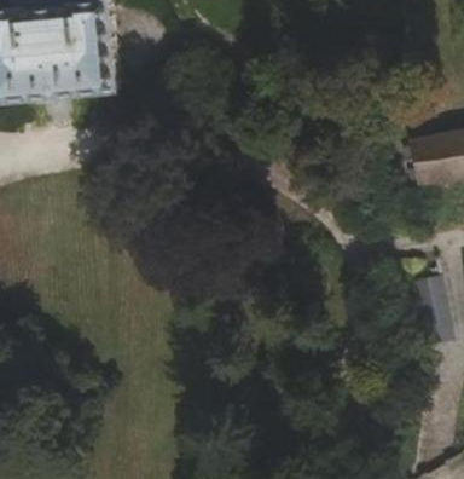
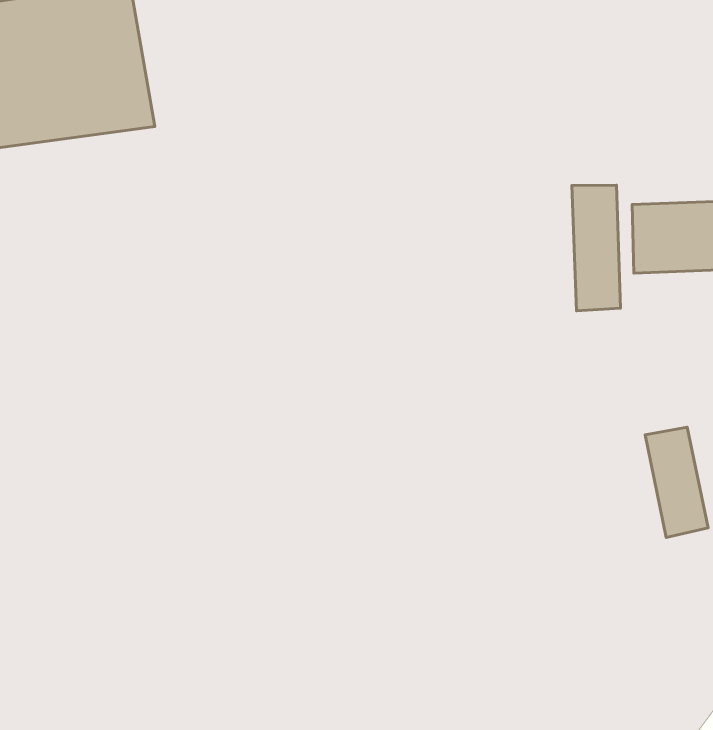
building: none -> [572,185,621,311]

